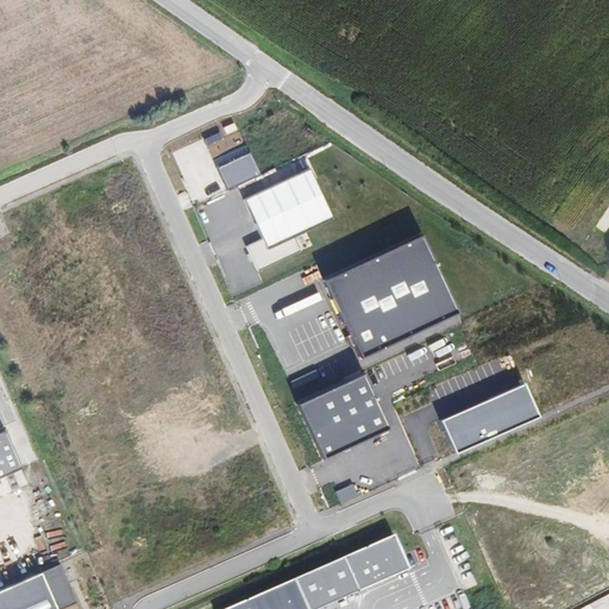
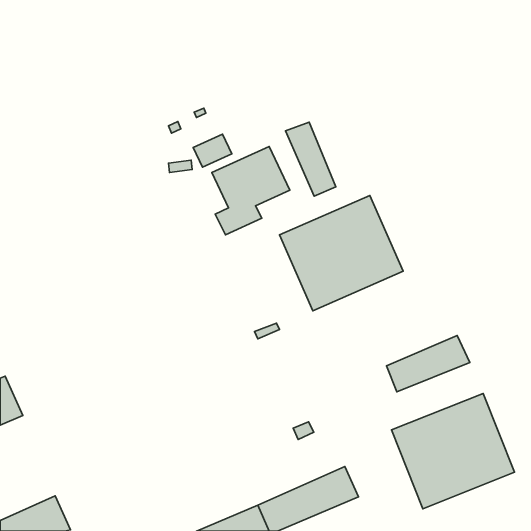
building: none -> [285,122,336,196]
building: [295,366,381,445] -> none
building: none -> [391,393,515,509]

